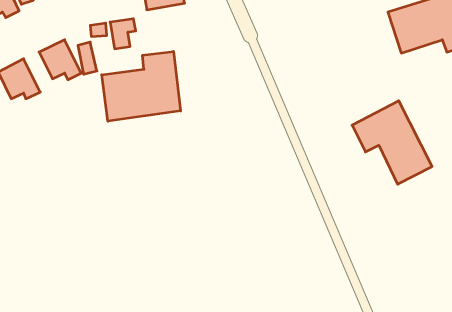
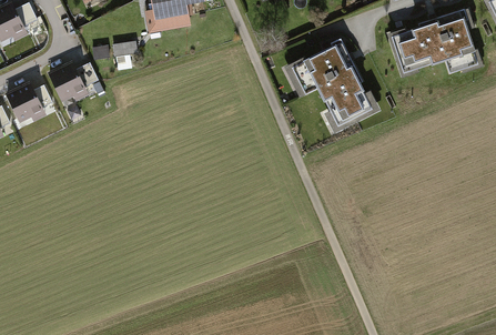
building: [102,51,181,121] -> none
building: [352,101,432,184] -> [292,42,372,125]

